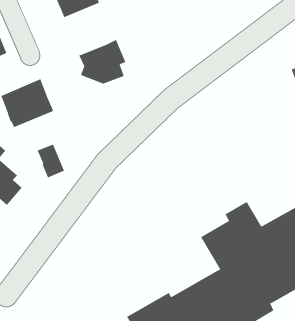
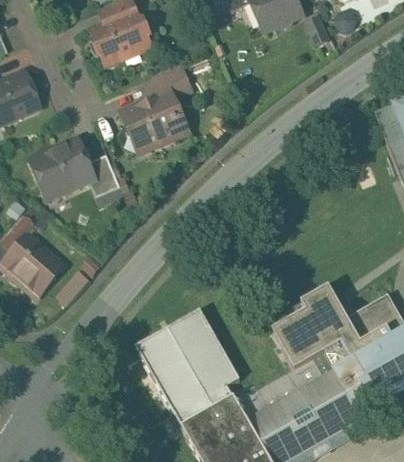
building: none -> [150,64,192,97]
building: [37,144,65,178] -> [87,153,121,195]
building: none -> [136,310,240,428]

